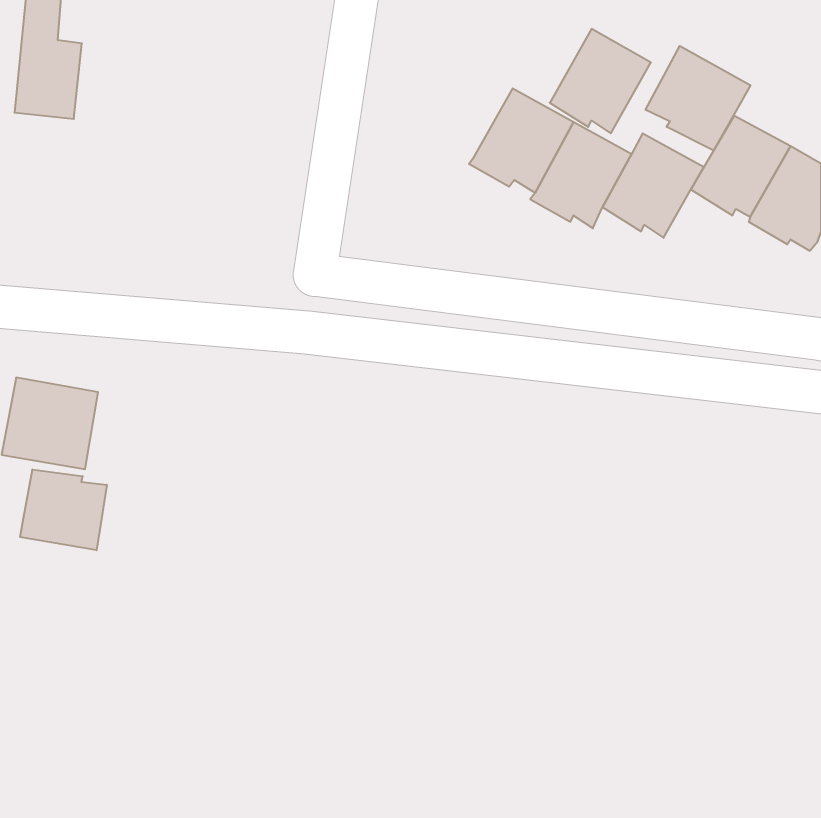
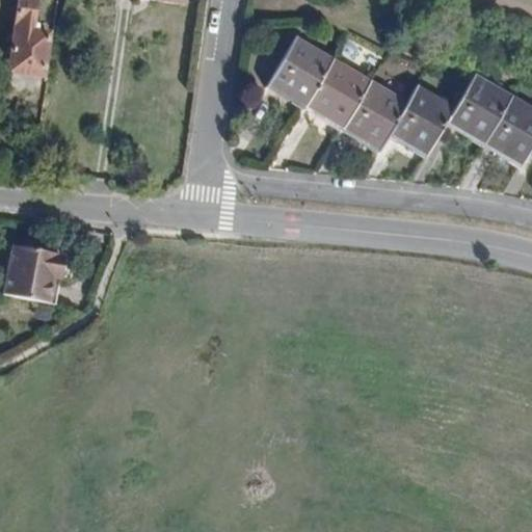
building: [550,29,651,133] -> [266,35,331,103]
building: [646,46,750,150] -> none
building: [20,469,107,550] -> none

